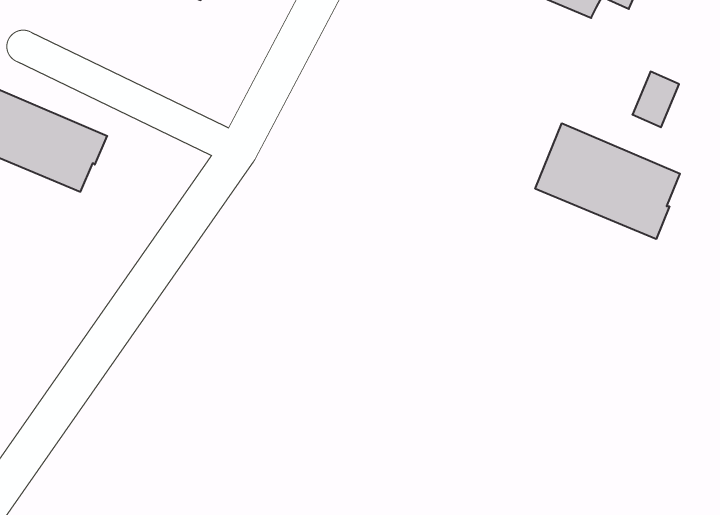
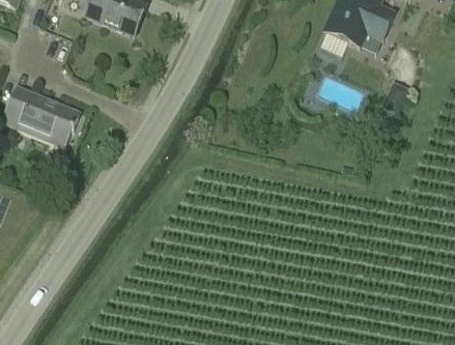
building: [535,123,680,239] -> none

